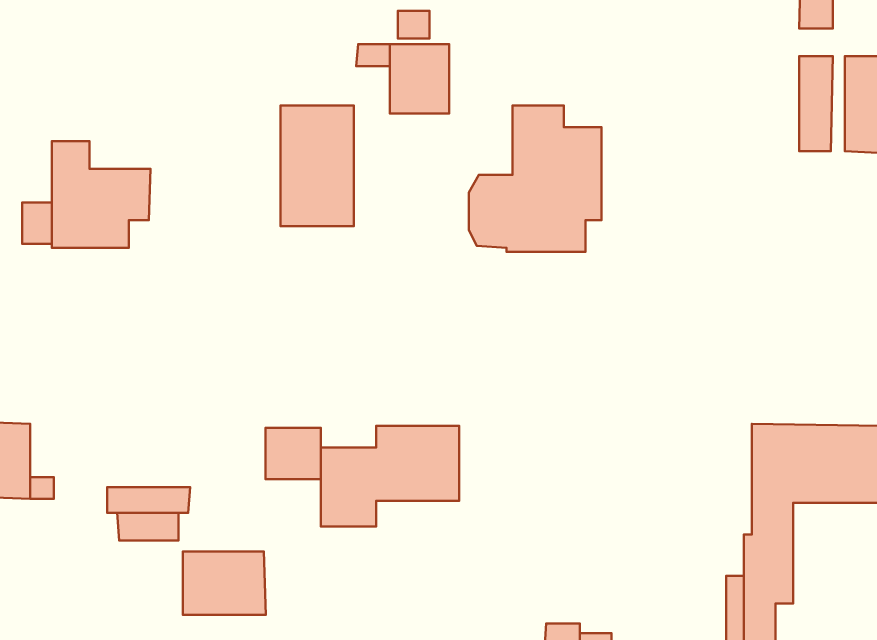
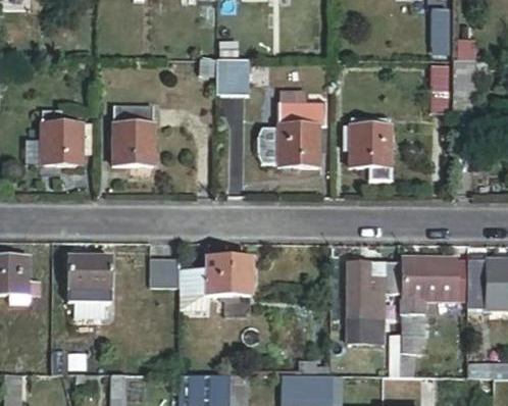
building: [281,106,354,226] -> [113,102,151,164]
building: none -> [342,117,389,180]
building: none -> [349,259,400,341]
building: [183,551,266,615] -> [70,255,113,288]

